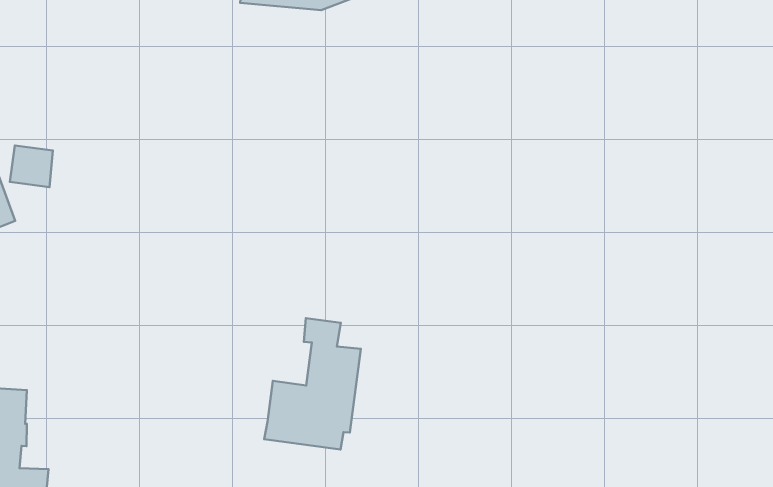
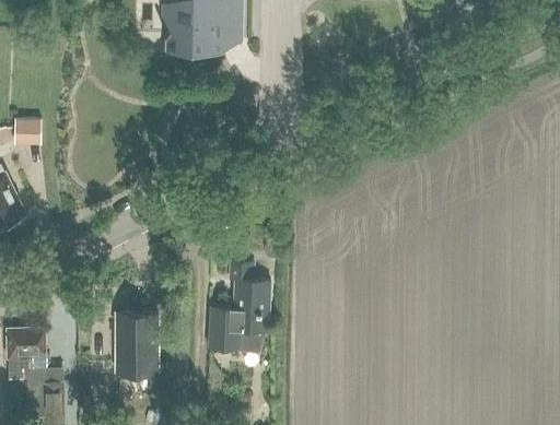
building: [10,145,53,187] -> [14,119,42,145]
building: none -> [116,314,156,373]

